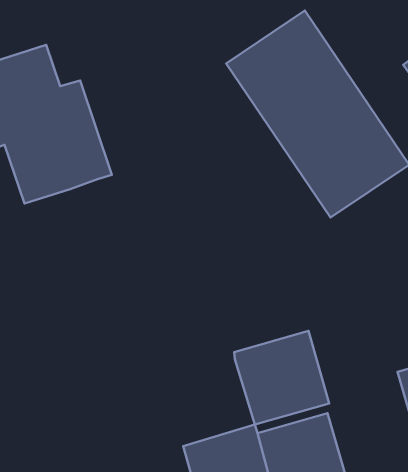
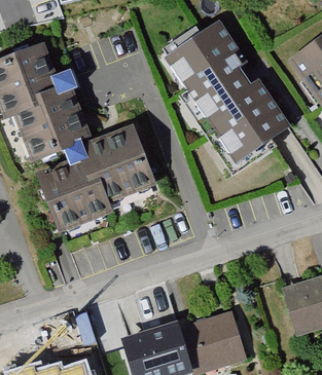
building: none -> [30,130,144,230]
building: [234,331,329,425] -> none

